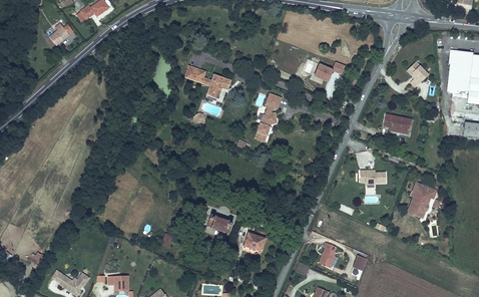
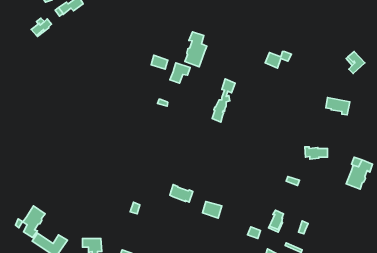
building: none -> [185,32,207,67]
building: none -> [23,206,45,237]

